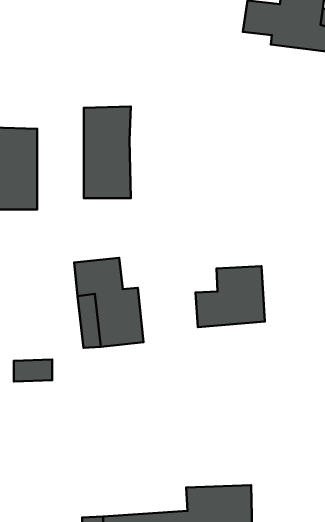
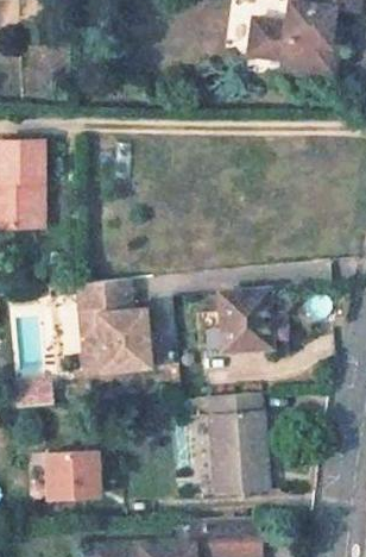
building: [84,106,131,198] -> none
building: none -> [212,393,270,494]
building: none -> [48,452,100,524]

